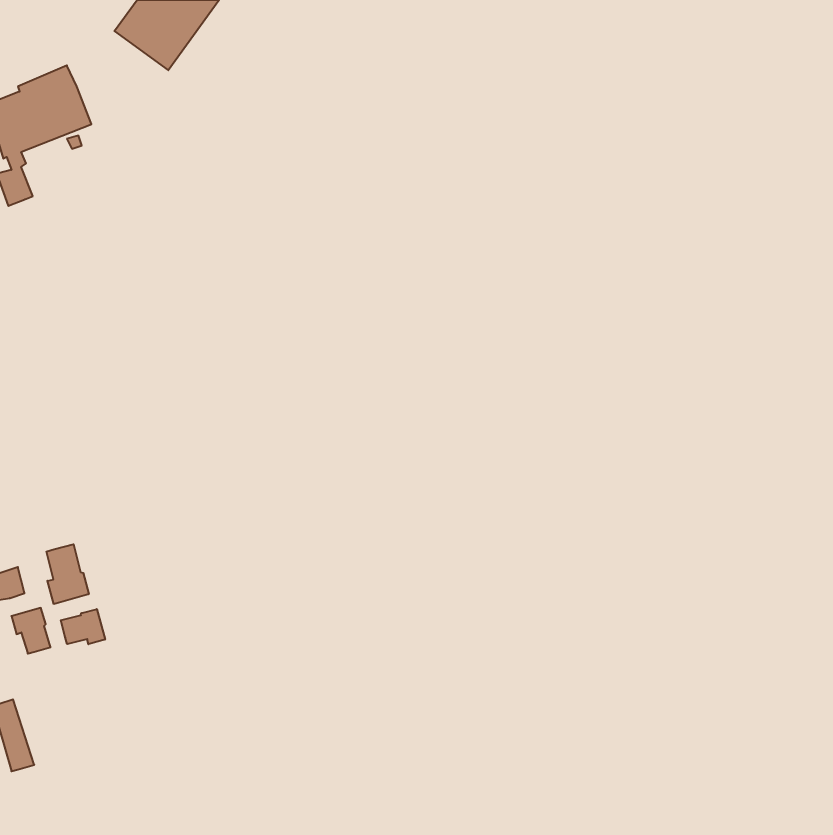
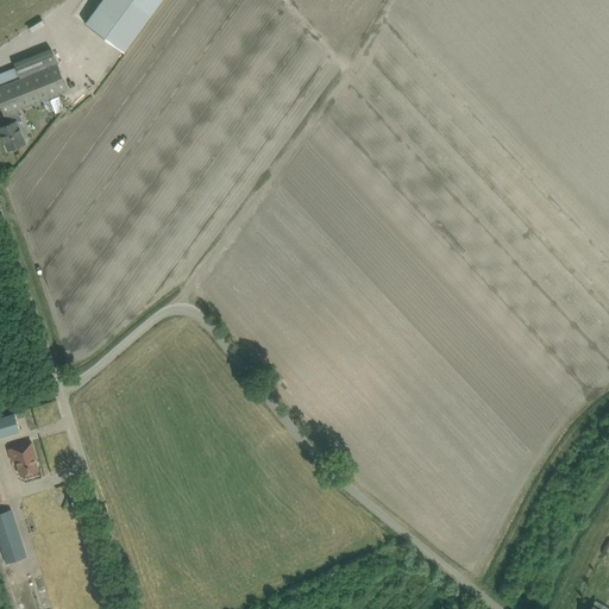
building: [46,544,89,604] -> none
building: [61,609,105,644] -> none

